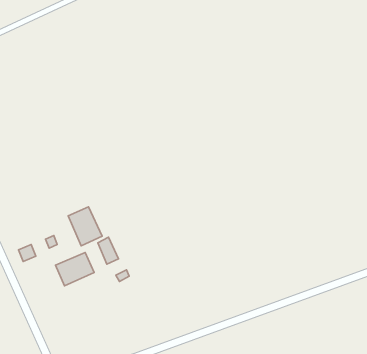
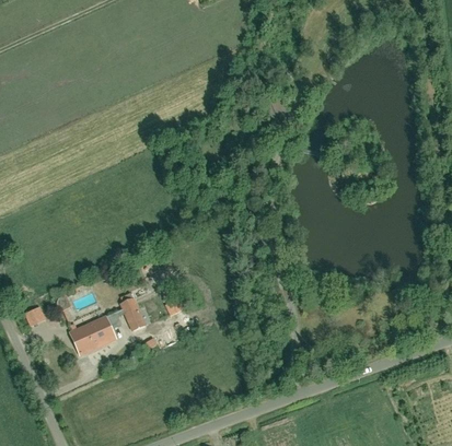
building: [68,207,102,246] -> none

